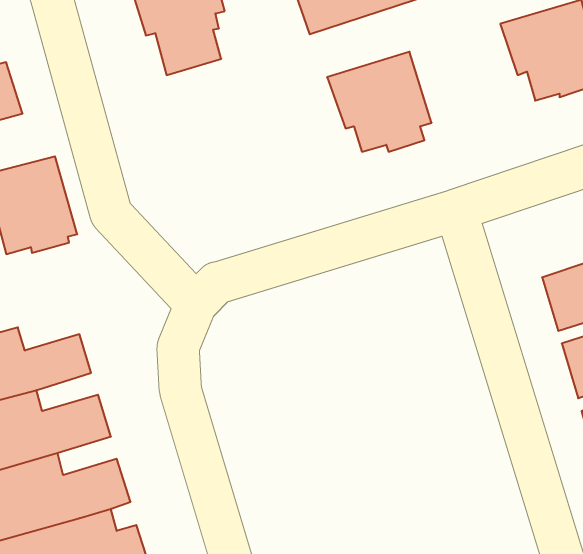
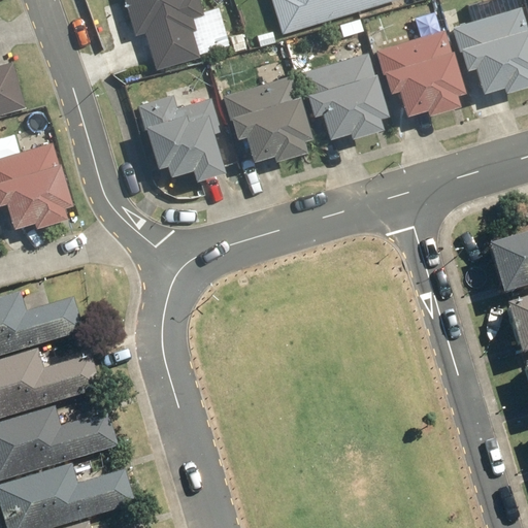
building: none -> [375,29,462,117]
building: none -> [221,75,308,162]
building: none -> [135,82,225,183]

